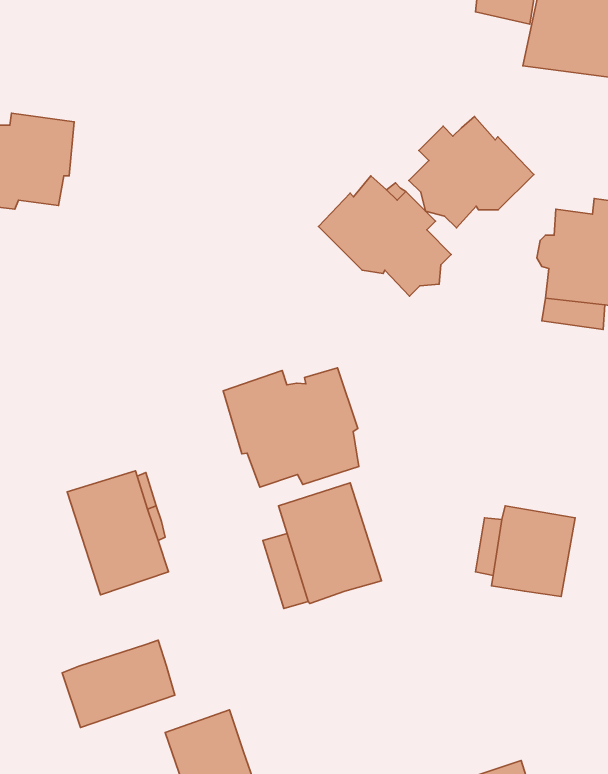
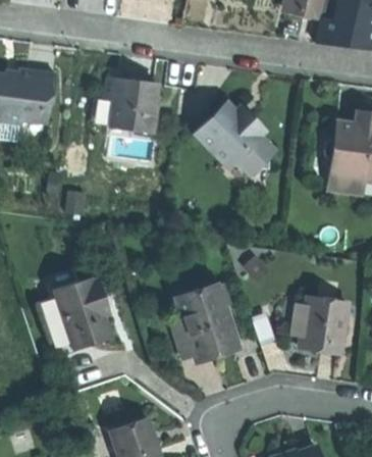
building: [409,117,534,228] -> none
building: none -> [105,80,157,135]
building: [223,368,359,487] -> none
building: [62,640,175,727] -> none

